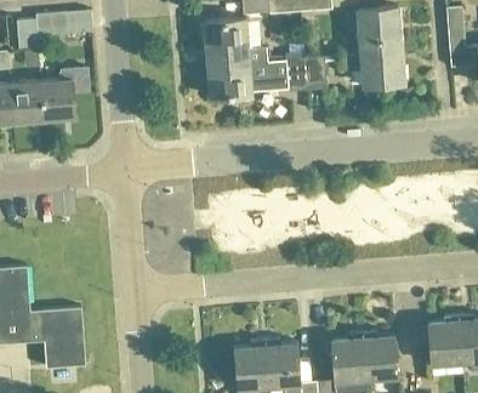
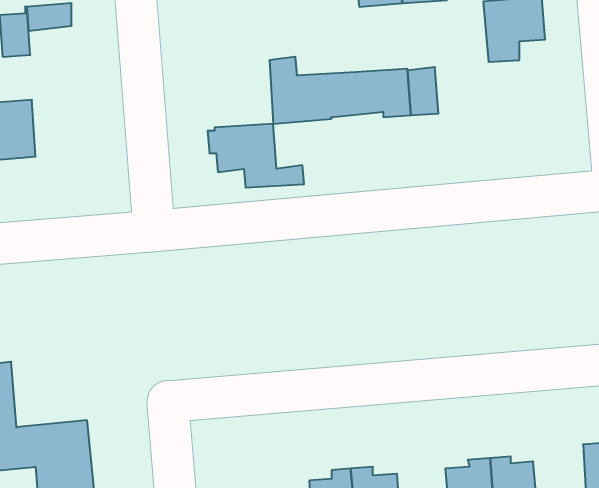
building: [200,18,268,63] -> [208,124,304,188]
building: [343,38,405,86] -> none
building: [40,67,86,120] -> none

